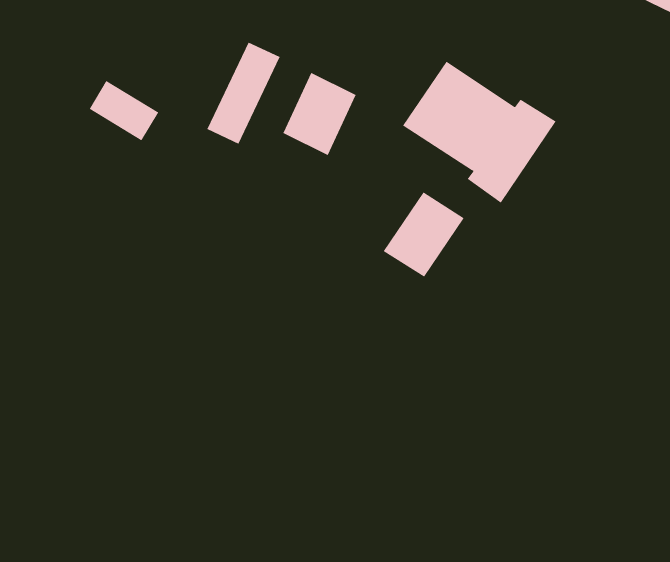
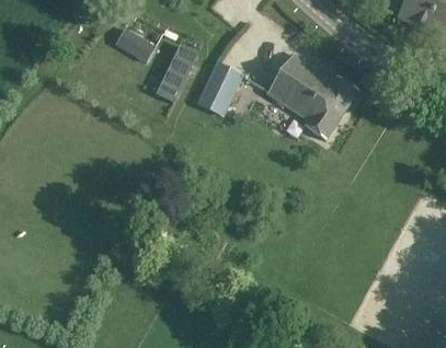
building: [89,80,159,141] -> [114,27,155,62]
building: [383,192,464,278] -> none

